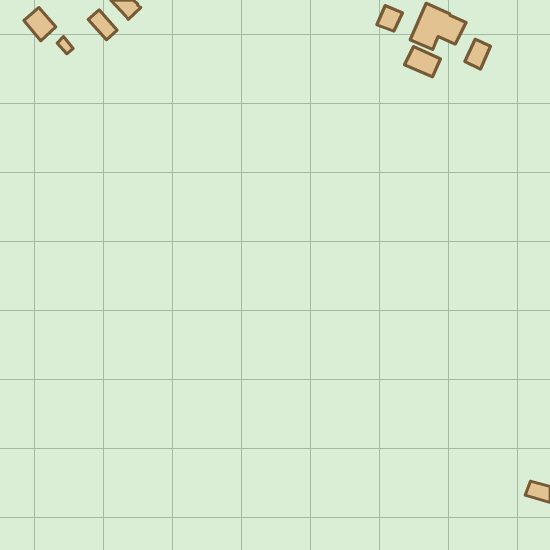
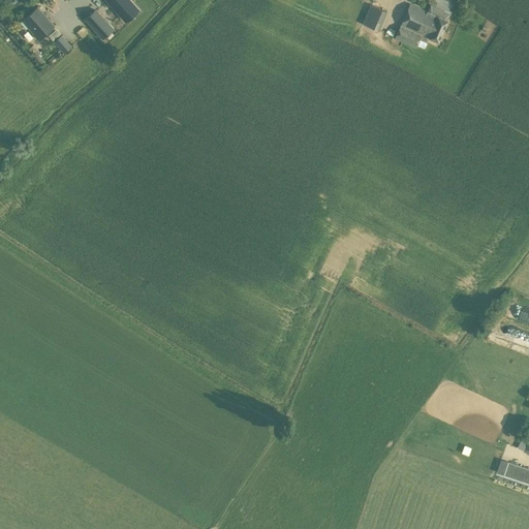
building: [465,39,490,69] -> none
building: [404,46,441,77] -> none

